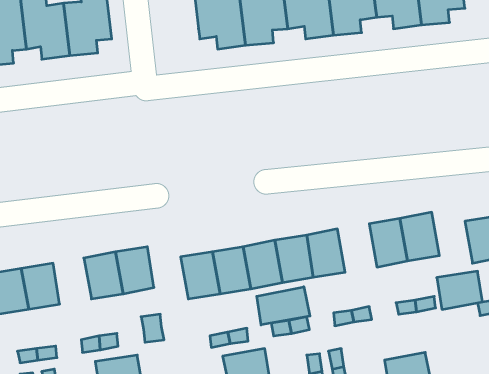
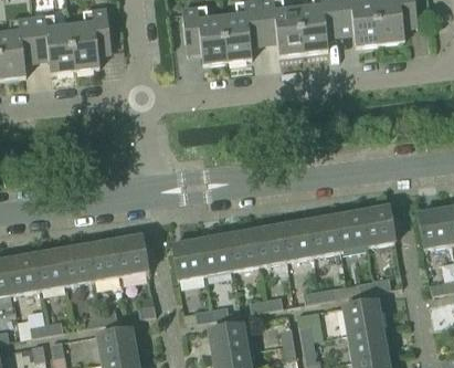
building: none -> [306,214,340,256]
building: none -> [60,244,93,284]
building: [437,271,483,309] -> [342,299,382,333]
building: [257,287,310,325] -> none

